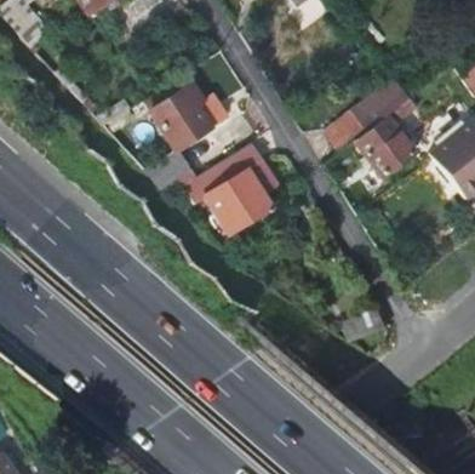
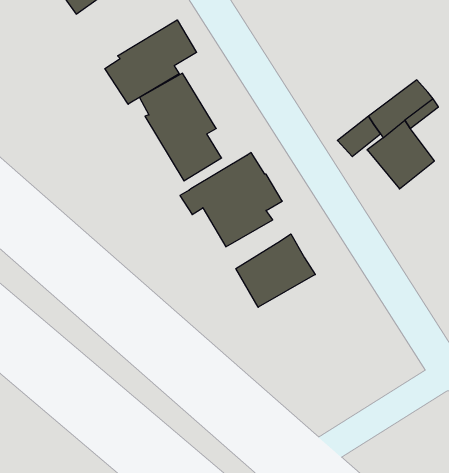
building: none -> [105,20,197,104]
building: none -> [236,234,315,307]

